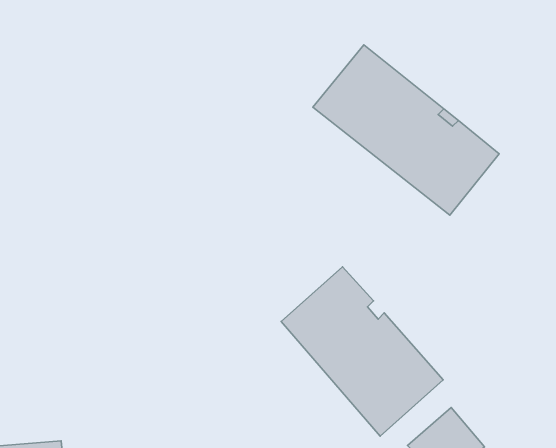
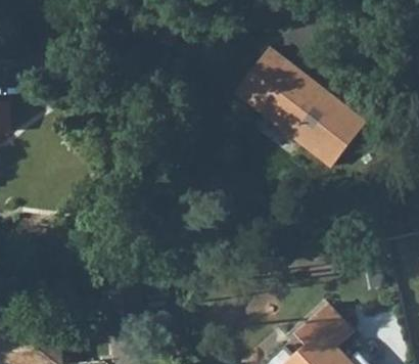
building: [281,267,443,436] -> none

